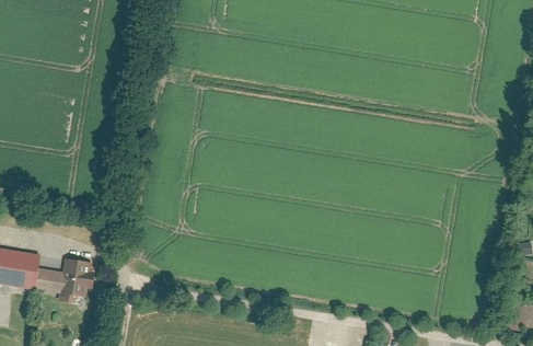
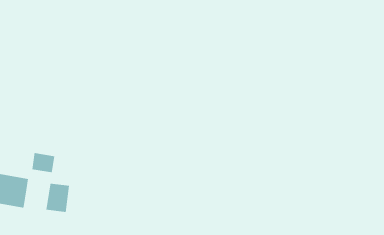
building: [35,269,66,296] -> [31,153,55,173]

